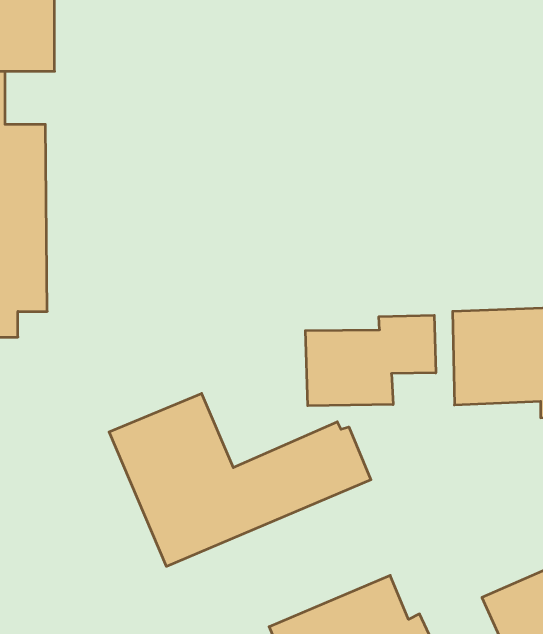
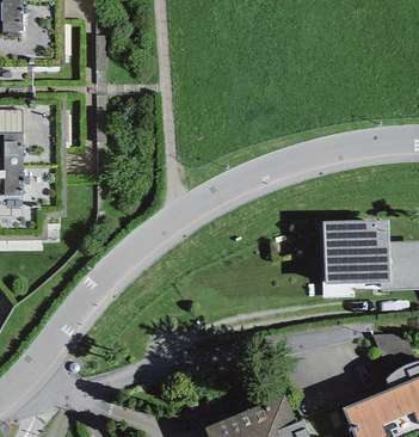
building: [305,315,436,406] -> none
building: [109,393,371,566] -> none

